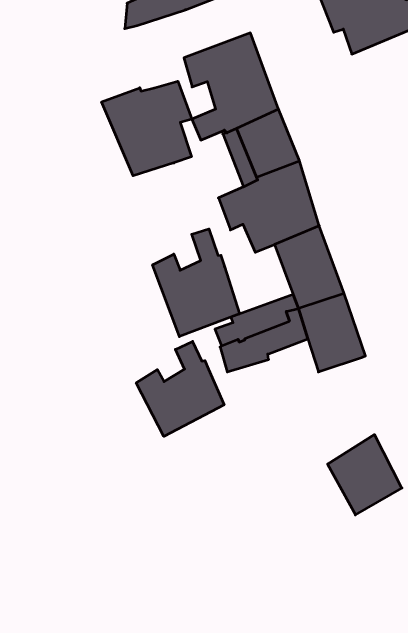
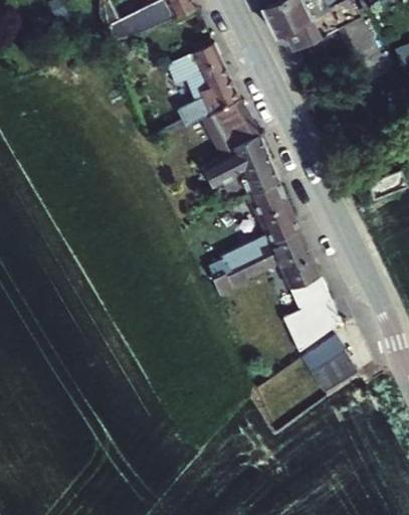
building: [102,81,192,176] -> none
building: [153,229,239,337] -> none
building: [136,341,224,436] -> none
building: none -> [281,275,340,353]

